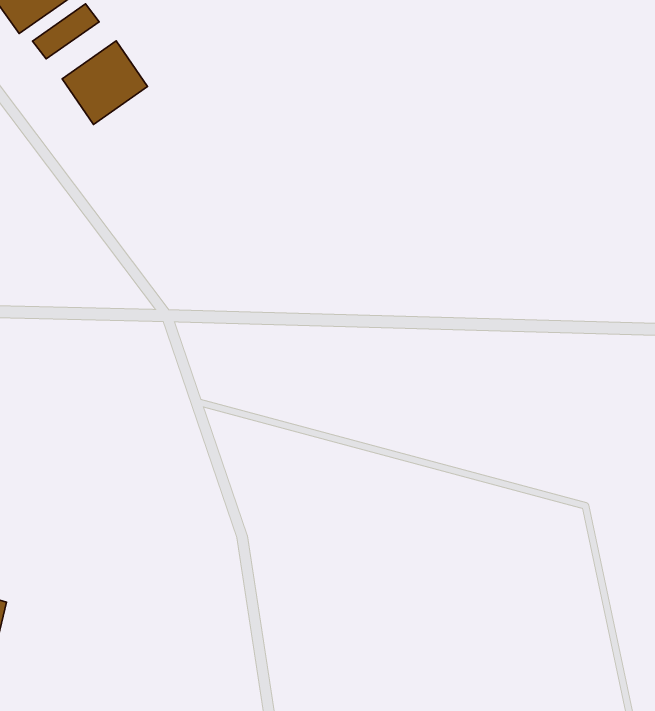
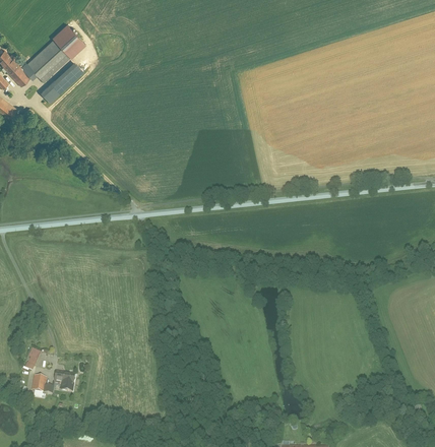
building: [62,41,148,124] -> none

